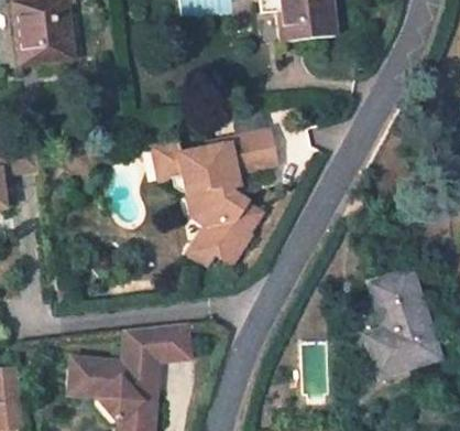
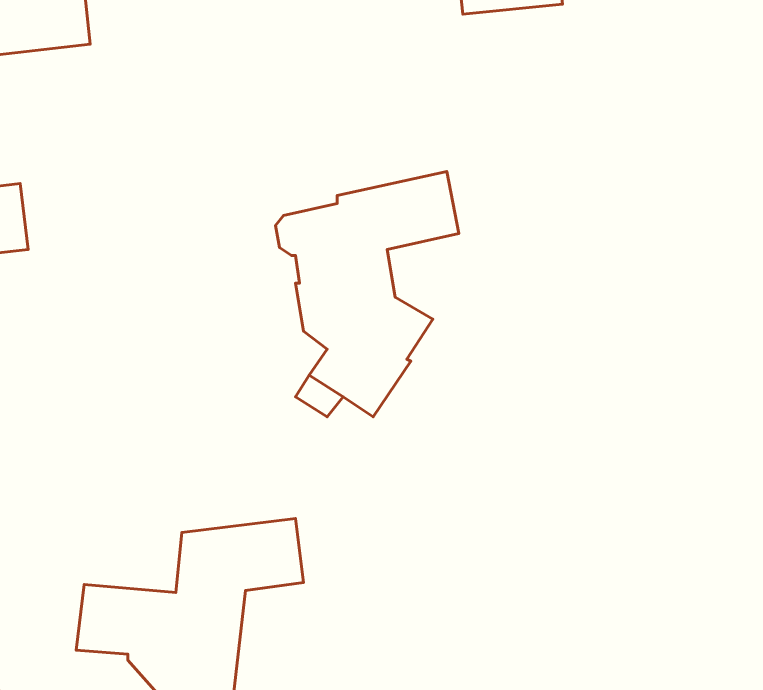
building: [154,140,190,191] -> none
building: [368,270,439,374] -> none

